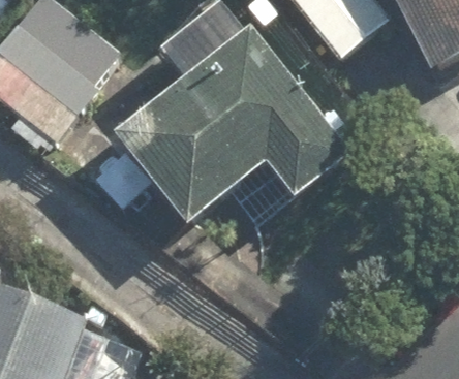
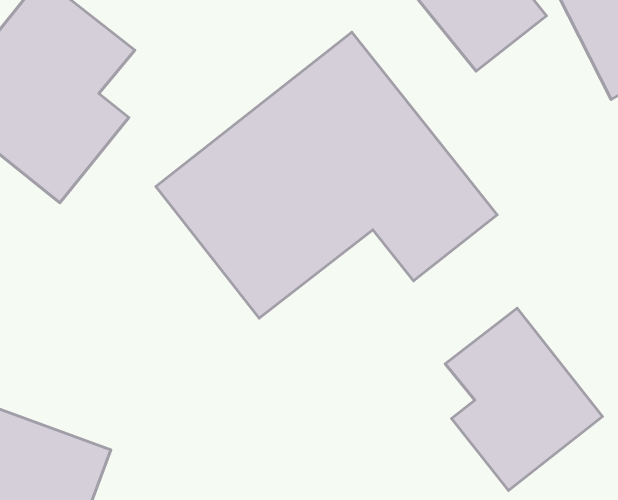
building: none -> [445,308,602,490]

